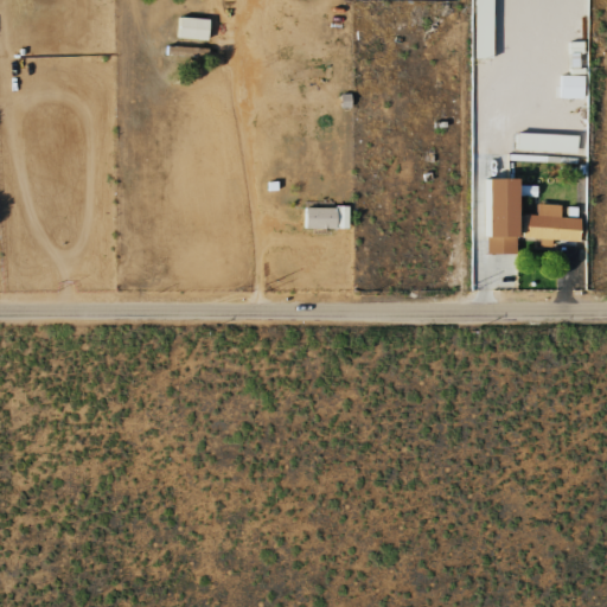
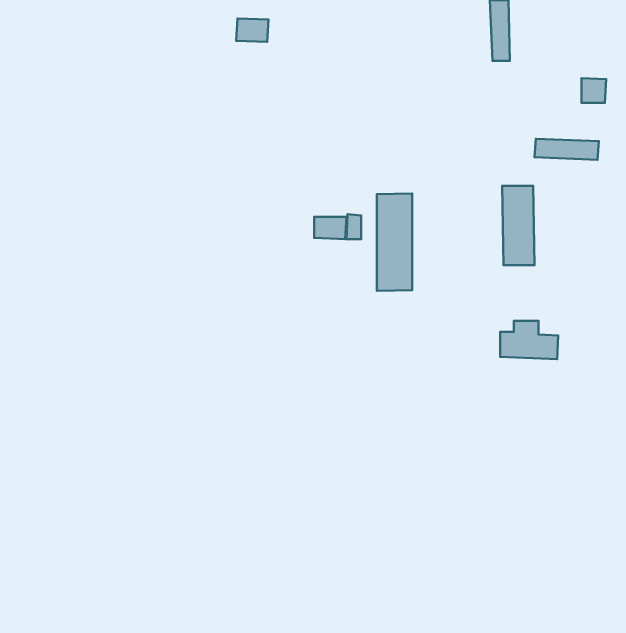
building: [180,17,211,39] -> [236,18,268,42]
building: none -> [377,194,412,291]
building: [526,204,582,241] -> [500,321,558,359]

